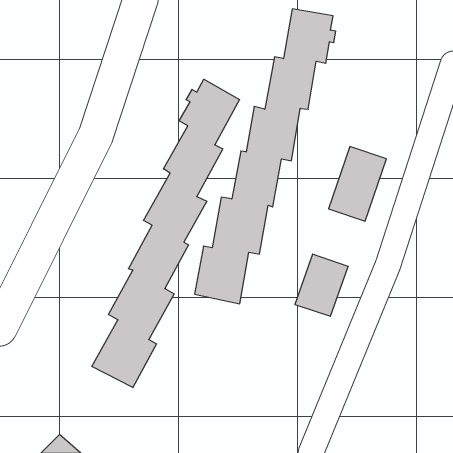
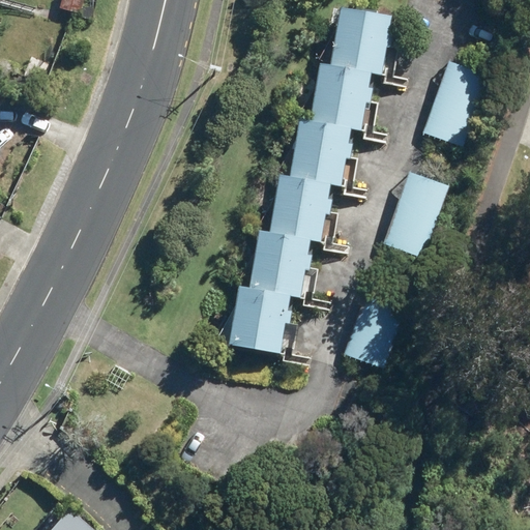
building: none -> [421,61,490,148]
building: [92,79,240,388] -> none

